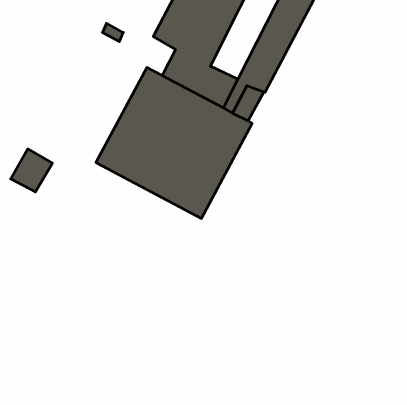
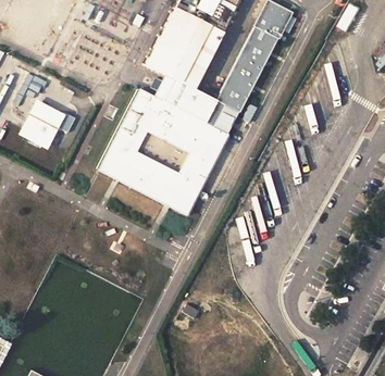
building: [11,149,52,192] -> [27,103,62,139]

